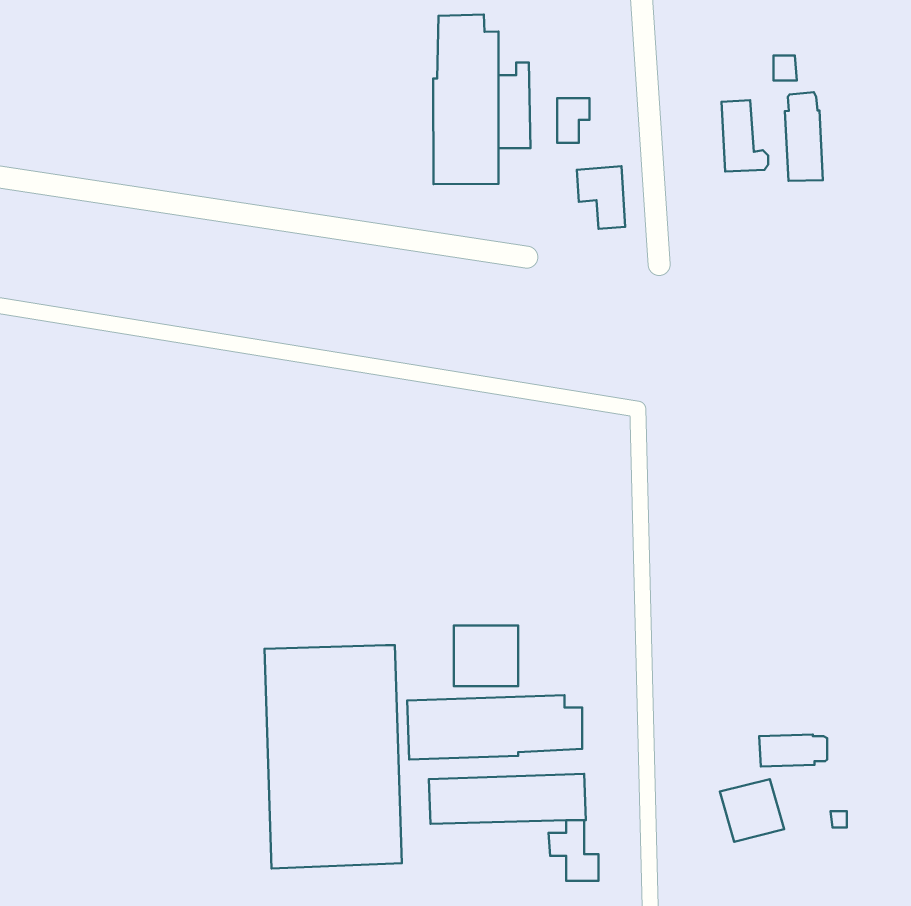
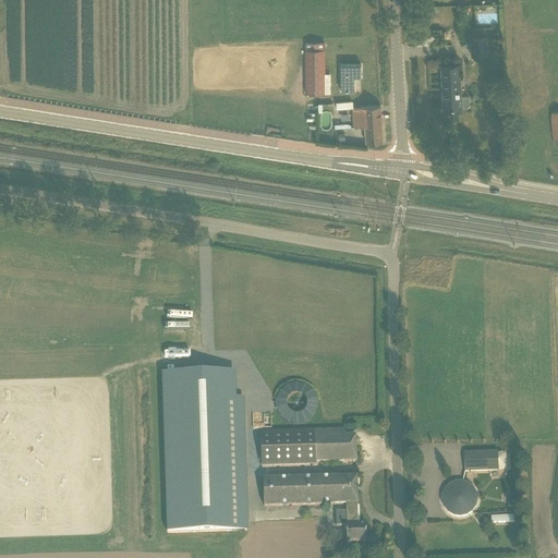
building: [433,15,498,184] -> none
building: [785,92,823,181] -> none
building: none -> [161,369,235,396]

